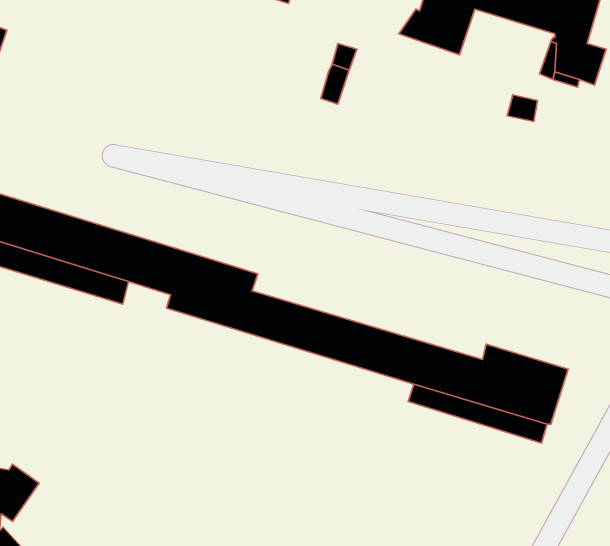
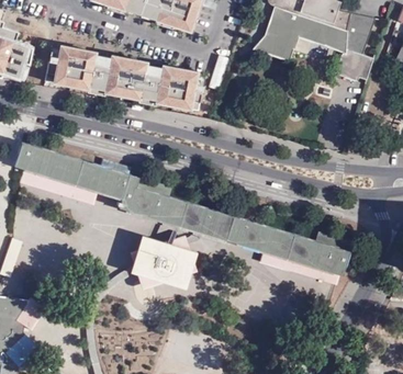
building: none -> [46,50,203,112]
building: none -> [131,236,198,291]

